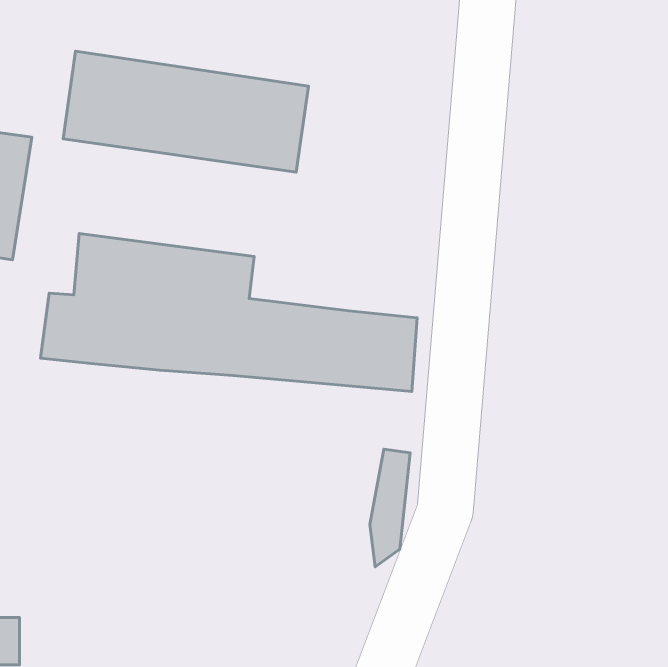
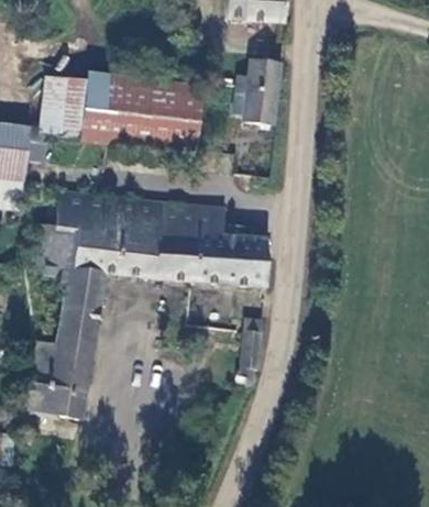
building: none -> [239,60,283,120]
building: none -> [163,202,229,236]
building: none -> [24,269,107,417]

